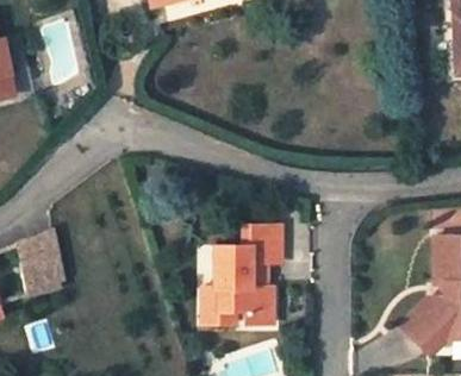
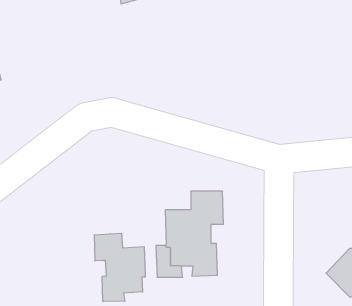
building: [20,231,69,296] -> none
building: none -> [94,233,145,302]

